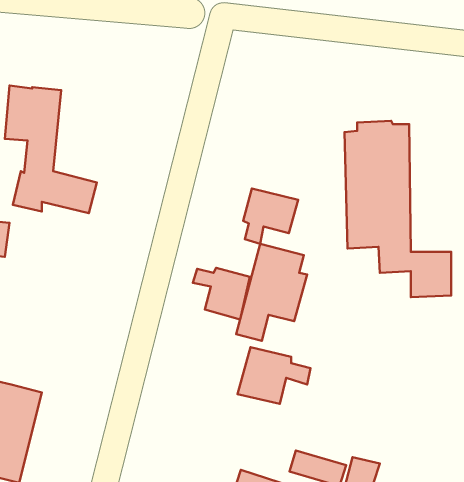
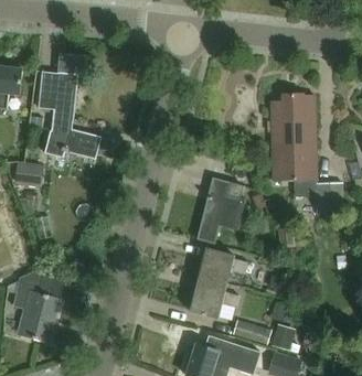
building: [243,189,298,244] -> none
building: [193,268,250,319] -> none
building: none -> [190,280,239,319]

